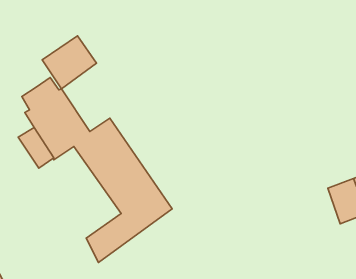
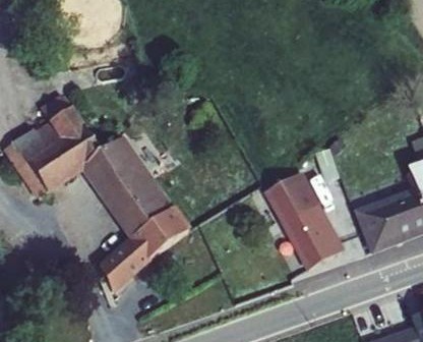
building: [42,36,97,89] -> none
building: none -> [267,177,340,273]

